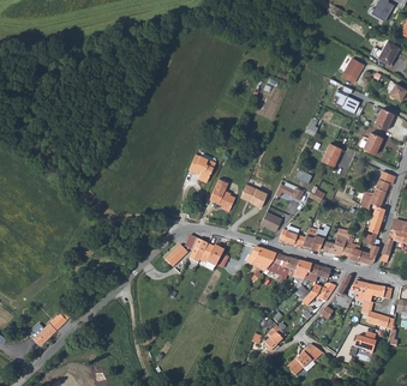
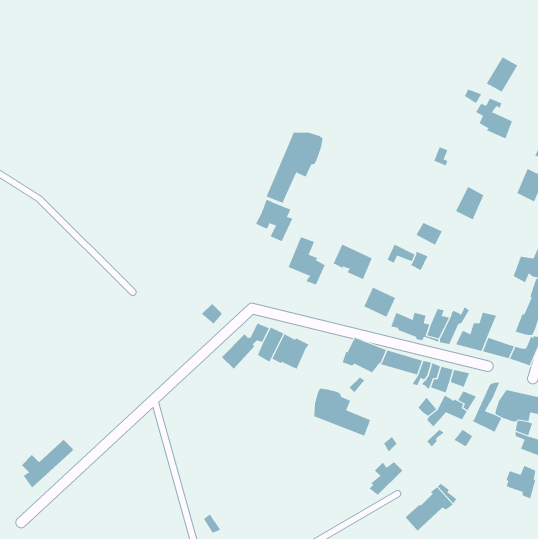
building: none -> [266,132,323,204]
building: none -> [314,388,371,437]

